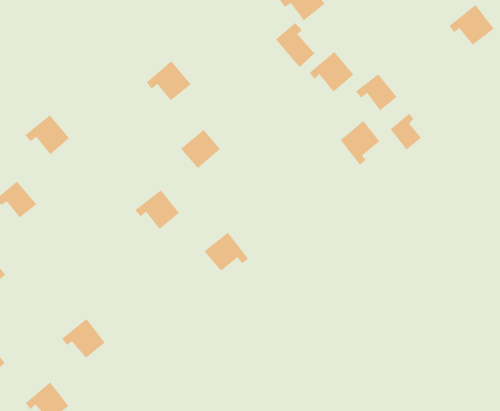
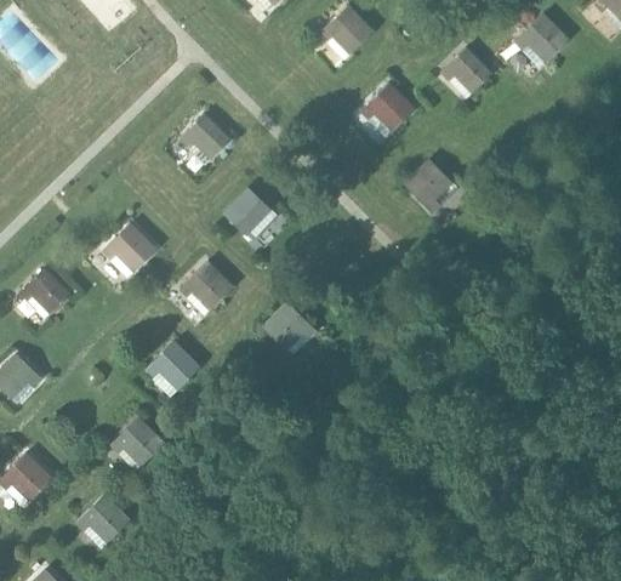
building: [275,22,315,68] -> none
building: [355,74,397,111] -> [441,49,490,91]
building: [390,113,422,150] -> none
building: [24,115,70,155] -> [103,224,155,270]
building: none -> [147,342,199,388]

